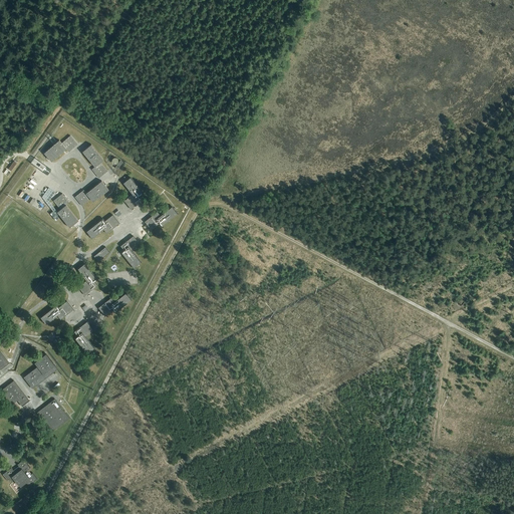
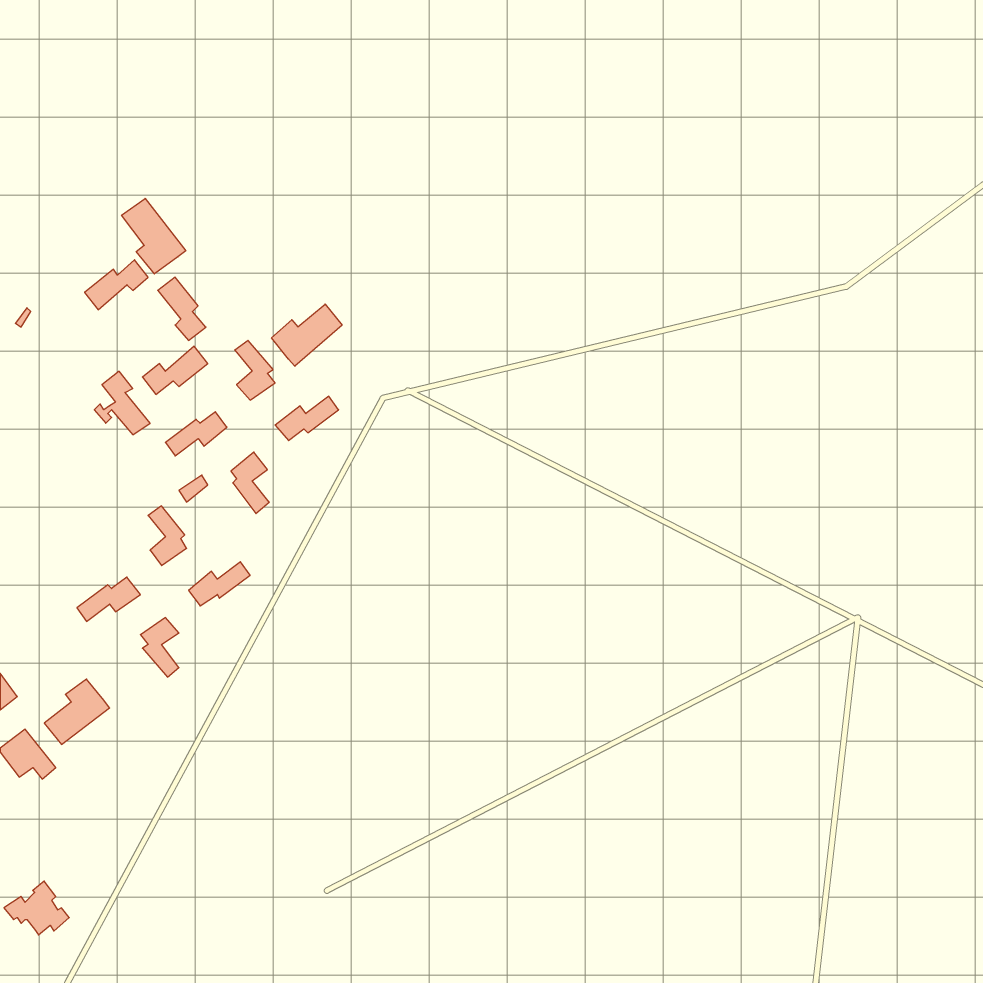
building: none -> [122,198,186,274]
building: none -> [272,304,342,366]
building: [37,400,69,432] -> none

